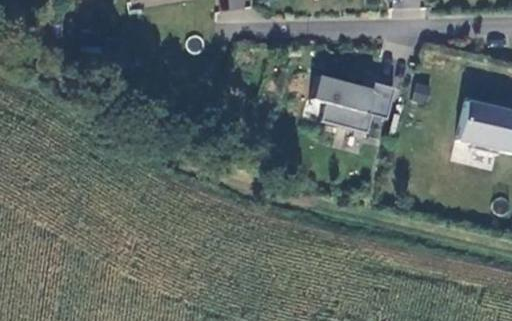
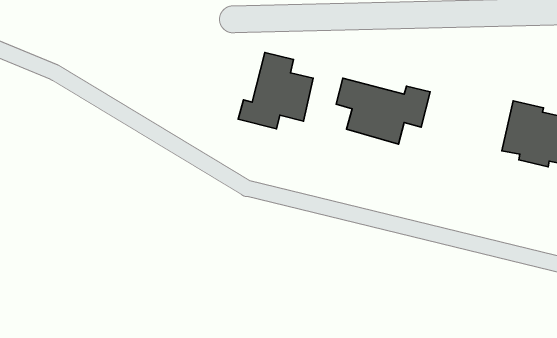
building: none -> [238,52,313,129]

